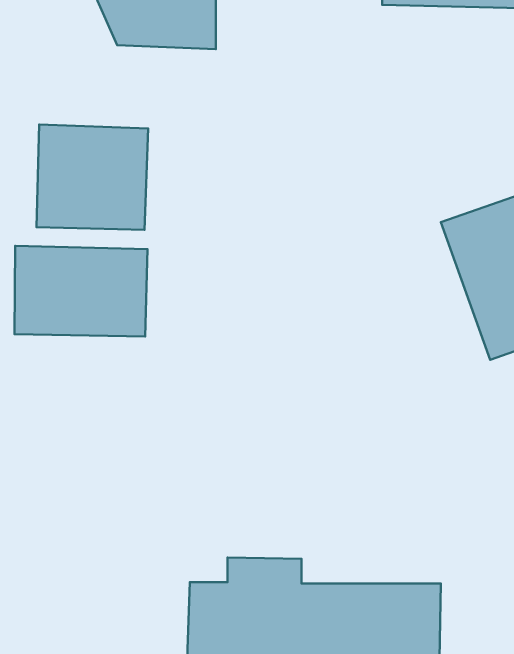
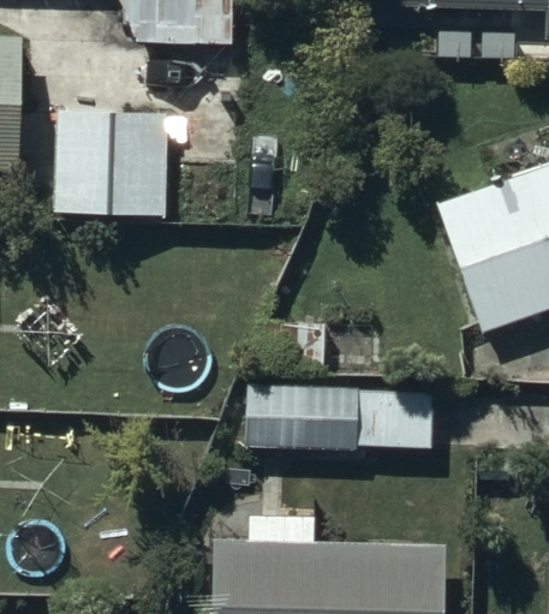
building: [15,246,148,336] -> none
building: none -> [241,383,426,449]

